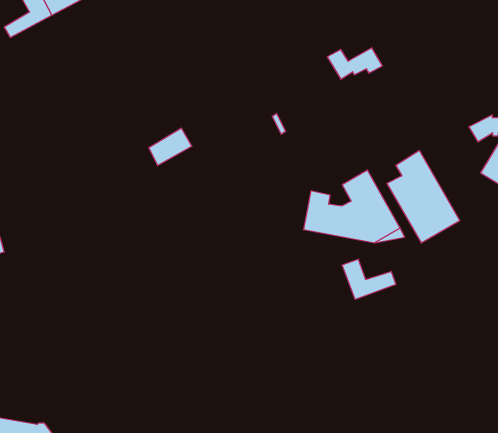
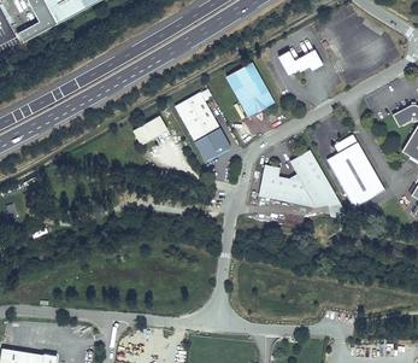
building: none -> [226,62,275,116]
building: none -> [176,90,232,162]
building: [342,259,396,299] -> none

